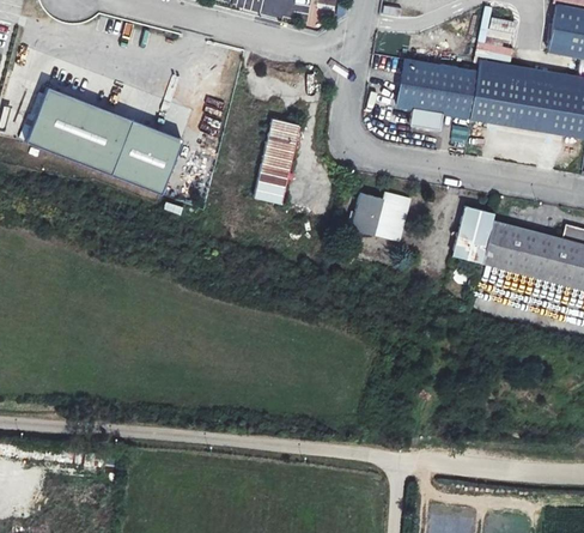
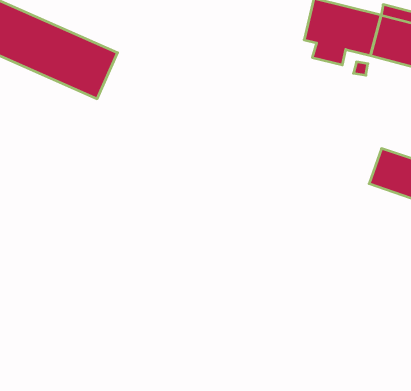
building: [253,120,300,204] -> none
building: [351,193,412,243] -> none
building: [452,207,495,264] -> none

